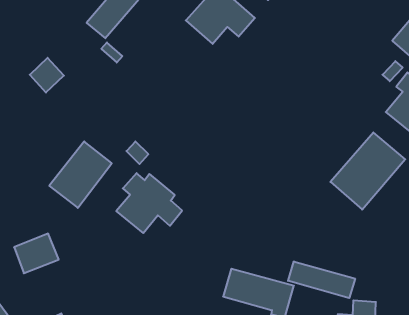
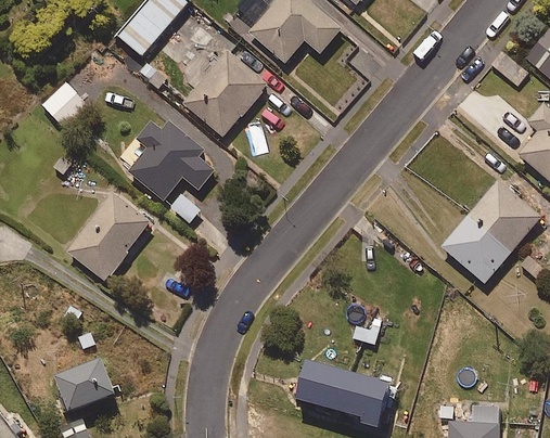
building: none -> [181,49,267,137]
building: [116,173,182,233] -> [126,119,214,199]
building: [14,234,59,273] -> [57,359,117,412]
building: [288,261,355,298] -> none

